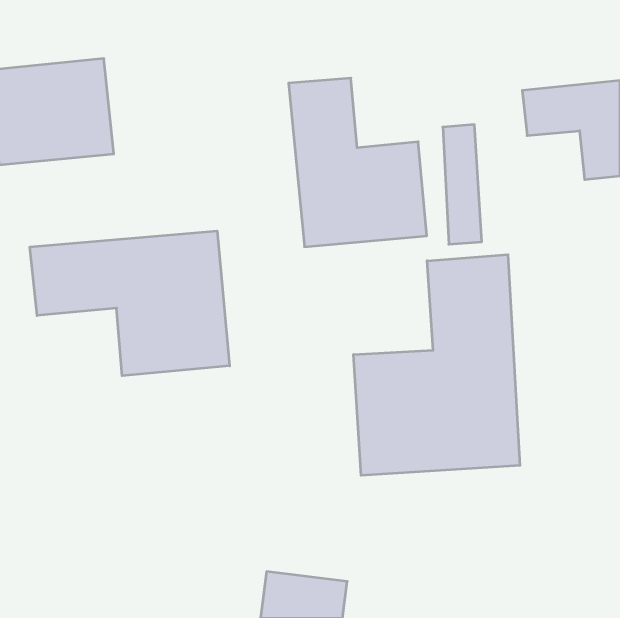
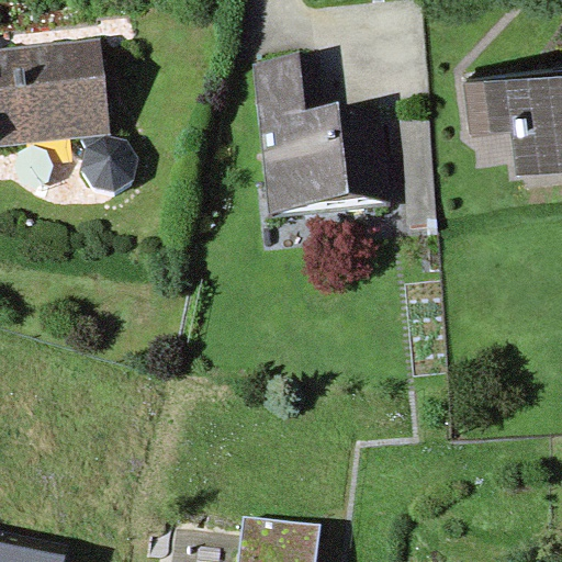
building: [30,231,230,376] -> none
building: [354,255,520,475] -> none

